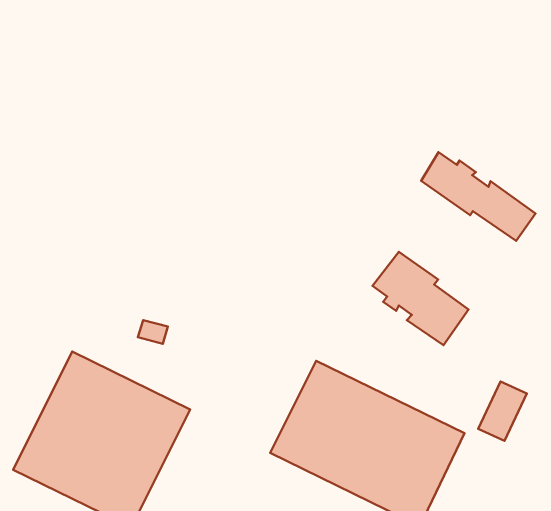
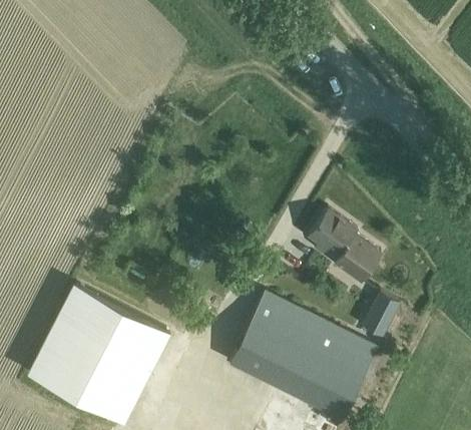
building: [421,152,535,241] -> none
building: [478,382,527,441] -> [362,293,399,338]

